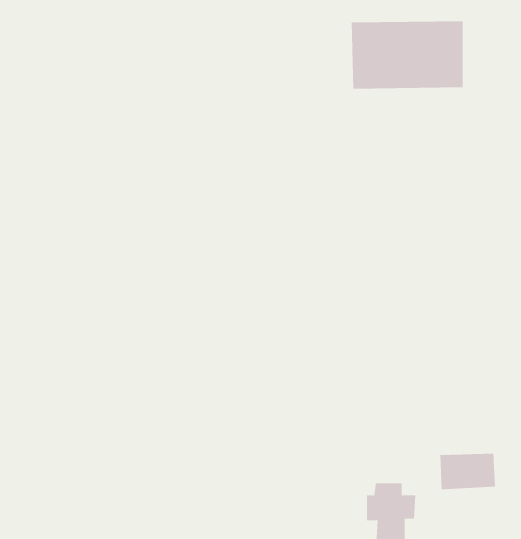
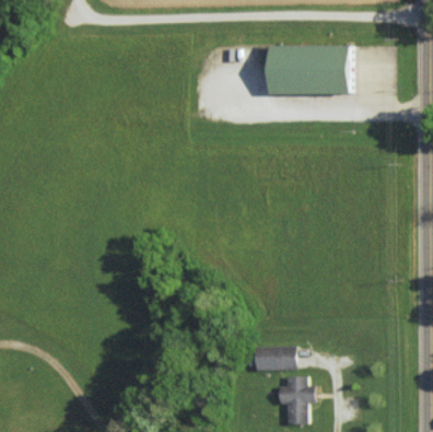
building: [439,453,496,490] -> [255,346,295,372]

